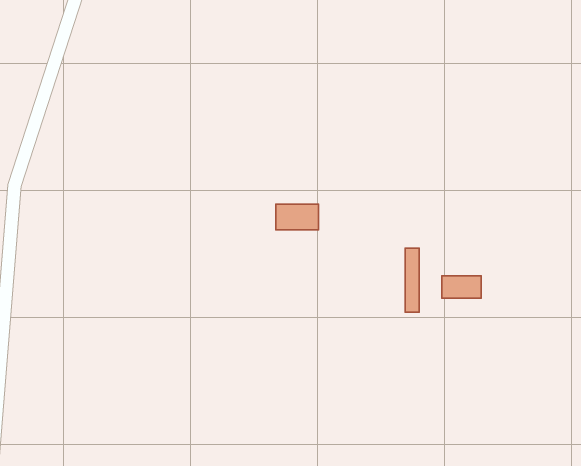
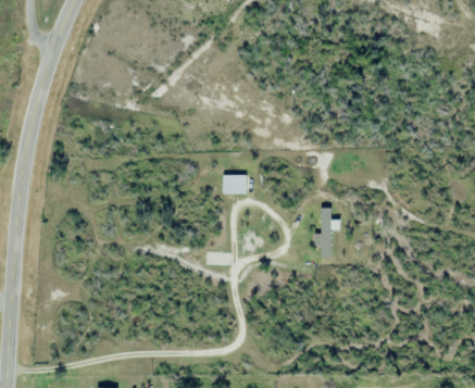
building: [442,276,481,298] -> none

